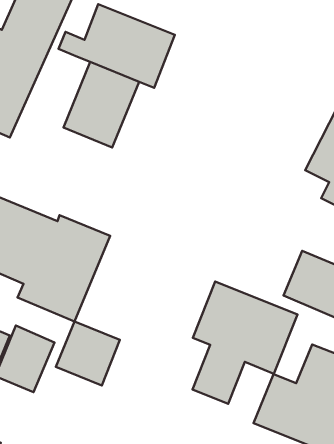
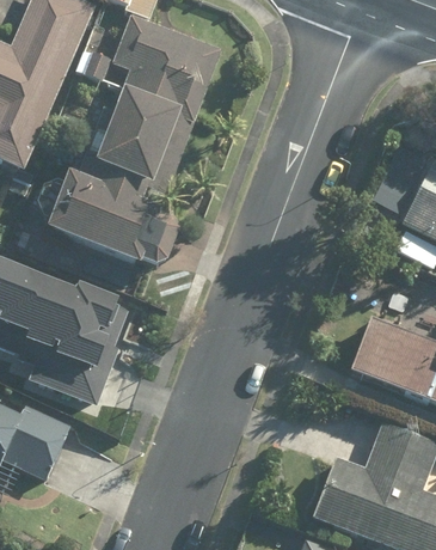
building: none -> [38,165,177,273]
building: [192,282,297,404] -> none
building: [56,322,120,386] -> none

